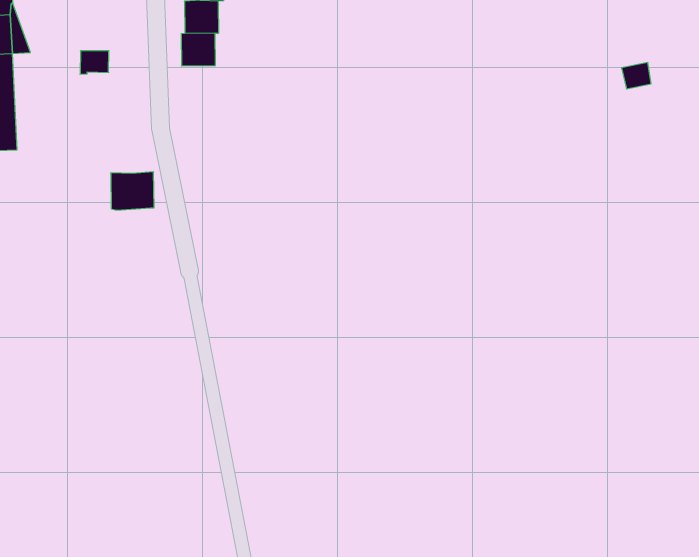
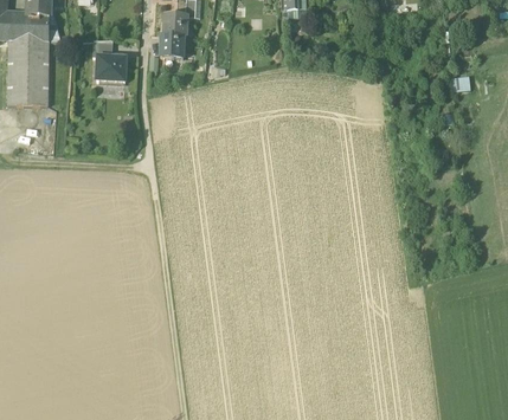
building: [111,172,154,210] -> [96,56,126,80]

